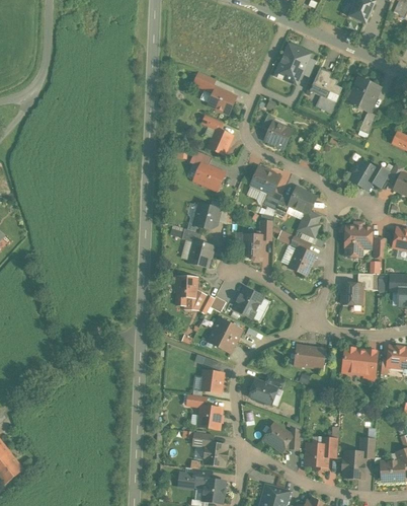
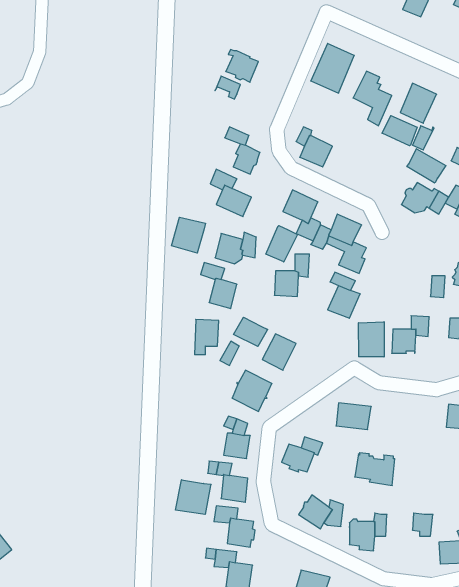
building: [208,87,235,115] -> [226,50,258,82]
building: none -> [382,116,417,146]
building: none -> [407,149,446,183]
building: none -> [172,217,205,253]
building: none -> [266,226,297,262]
building: [344,226,372,257] -> none
building: none -> [234,317,268,346]
building: none -> [359,322,384,357]
building: [342,348,376,375] -> [355,453,395,485]
building: none -> [176,480,211,514]
building: [342,451,364,479] -> none

